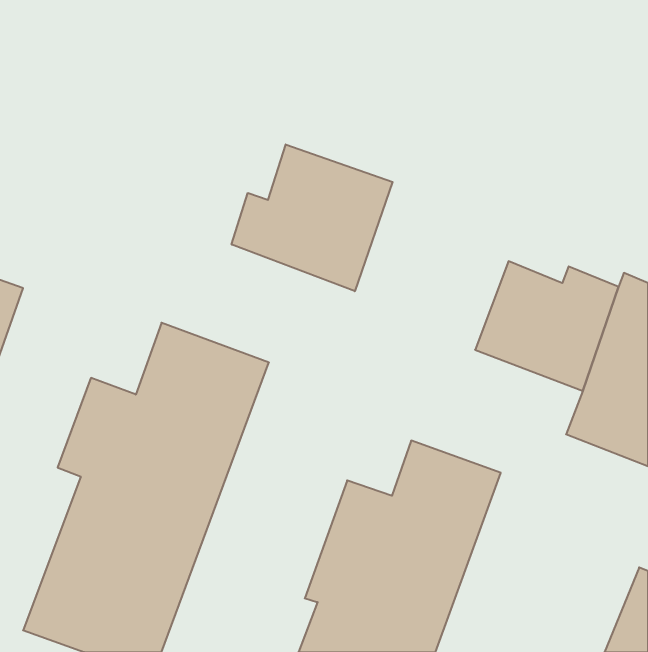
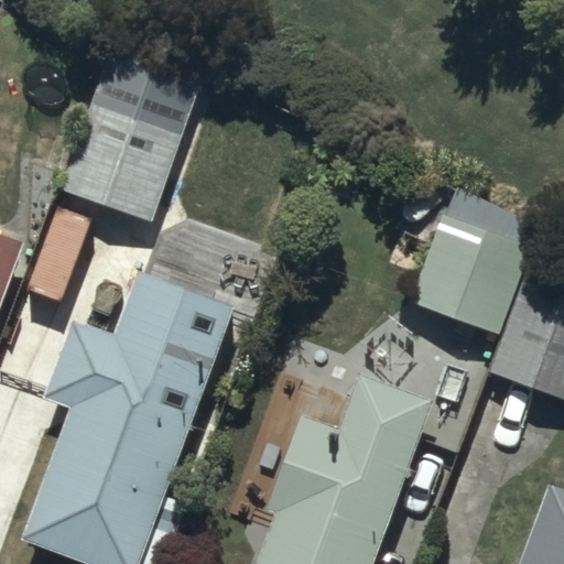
building: none -> [62,33,207,221]
building: [232,144,393,291] -> none

